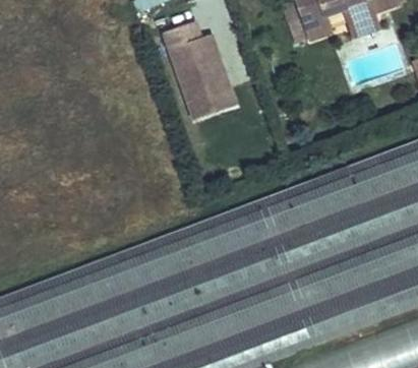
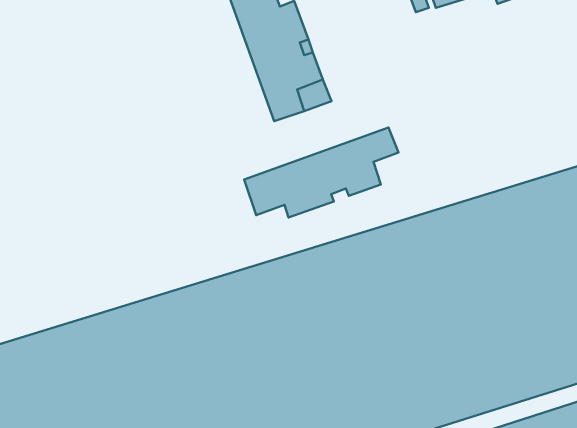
building: none -> [244,127,398,217]

